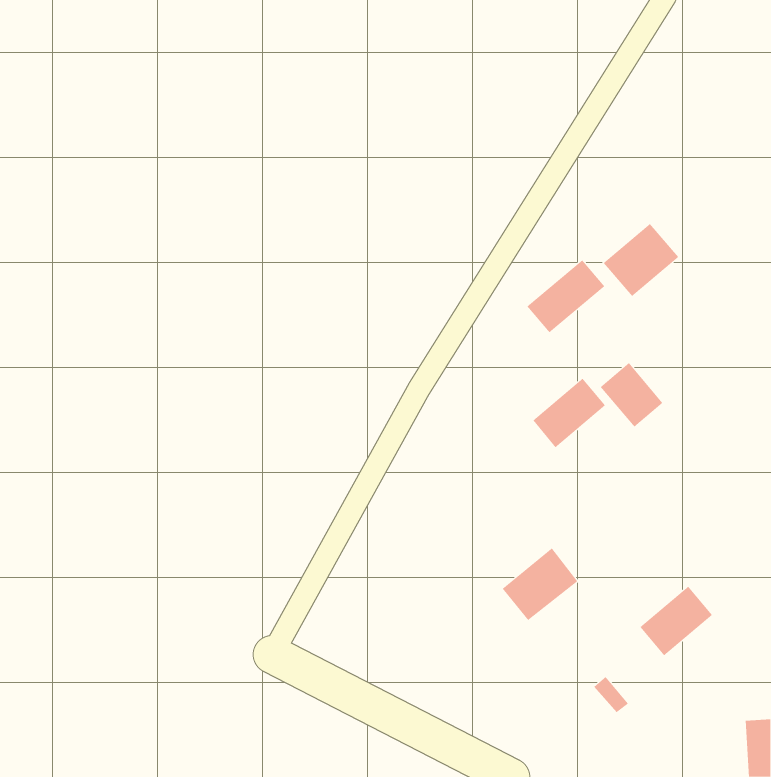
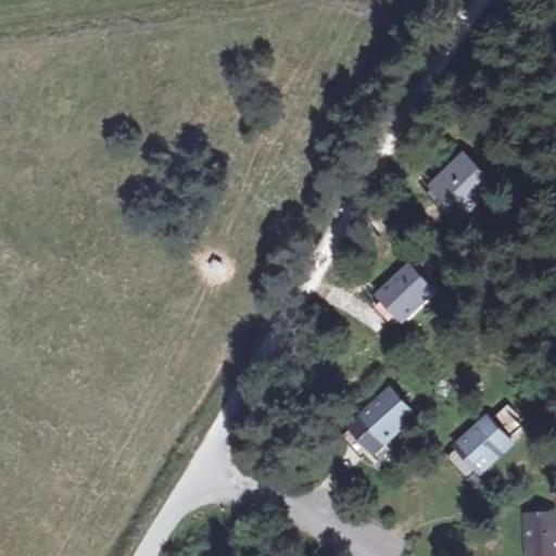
building: [526,259,605,333] -> none
building: [600,362,663,427] -> none

